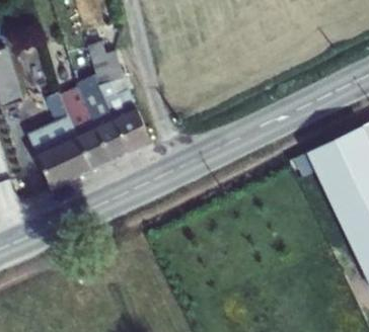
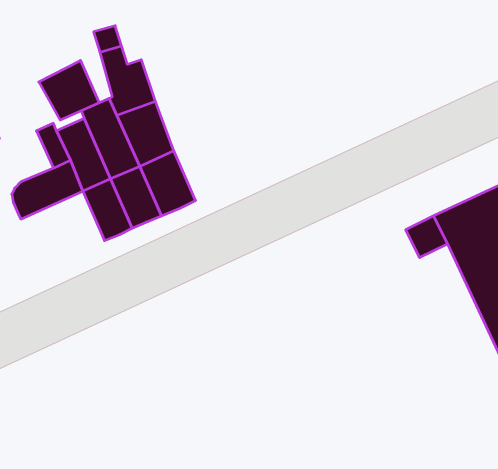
building: none -> [39,60,99,120]
building: [36,136,91,186] -> none

